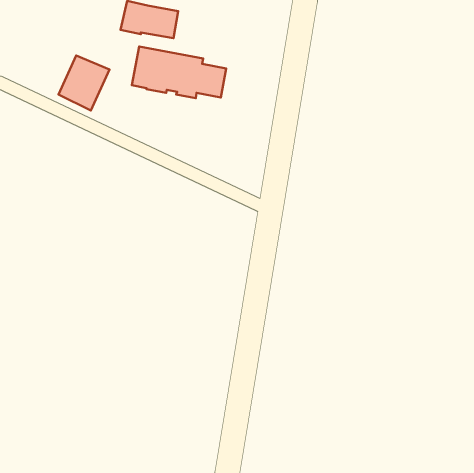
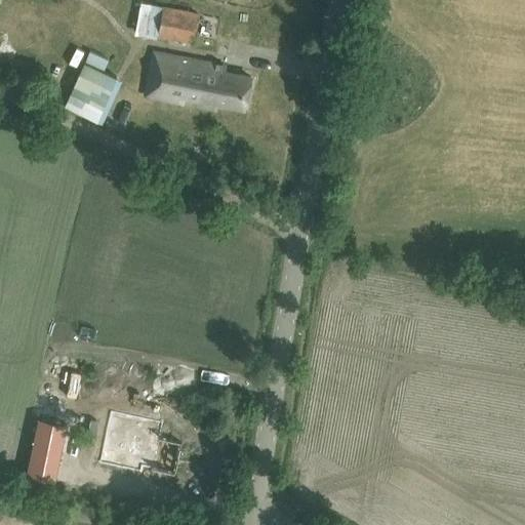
building: none -> [100,412,180,474]
building: none -> [26,418,67,481]

